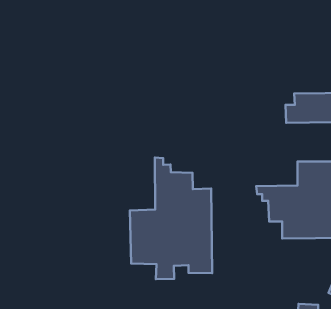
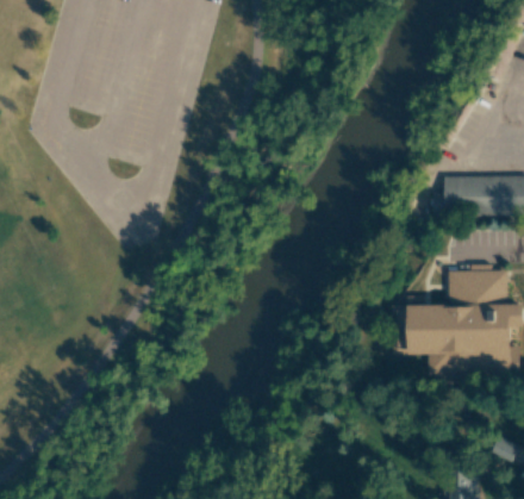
building: [130,157,212,279] -> none

